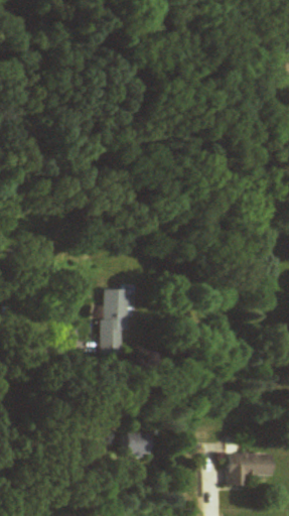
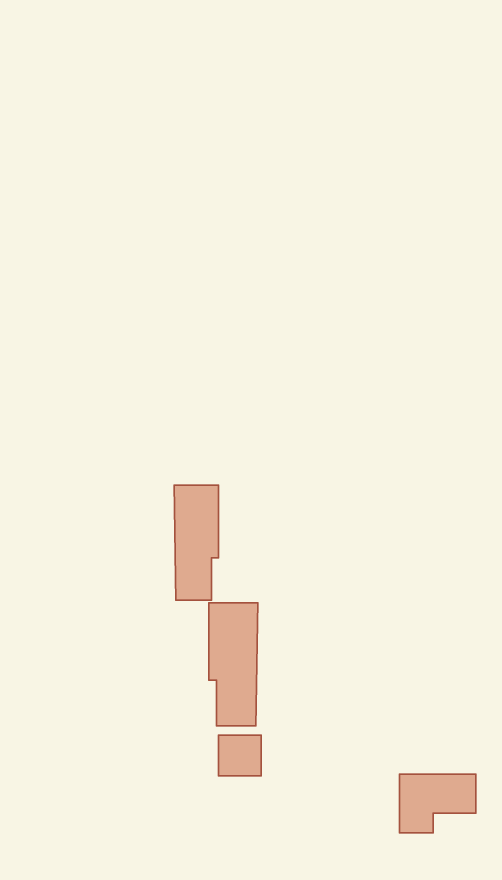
building: none -> [209,603,258,726]

